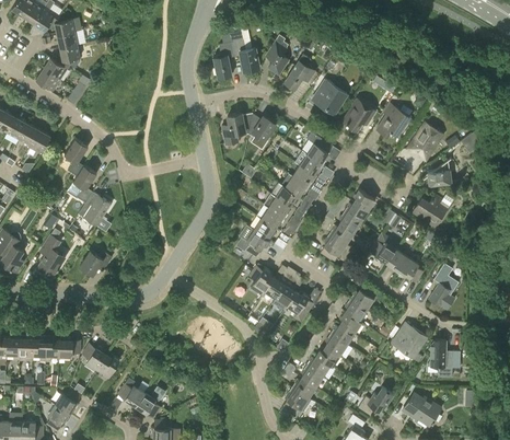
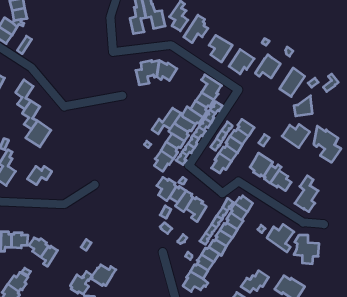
building: none -> [152,108,181,134]
building: none -> [314,126,341,162]
building: [117,379,149,406] -> [91,265,116,286]

